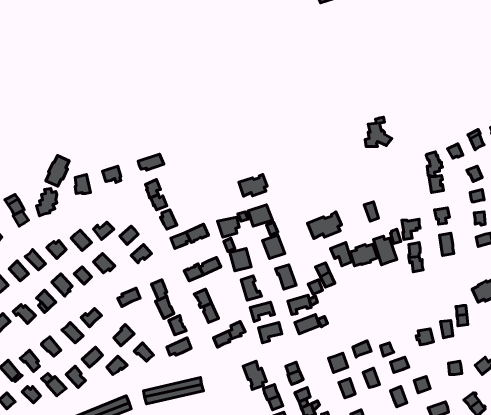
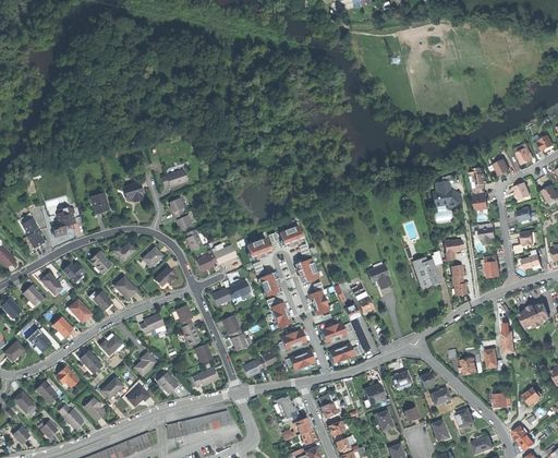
building: [365,117,392,147] -> [433,176,461,207]
building: [46,156,69,186] -> none
building: [239,174,267,196] -> none
building: [308,212,341,239] -> none
building: [350,244,378,266] -> none

